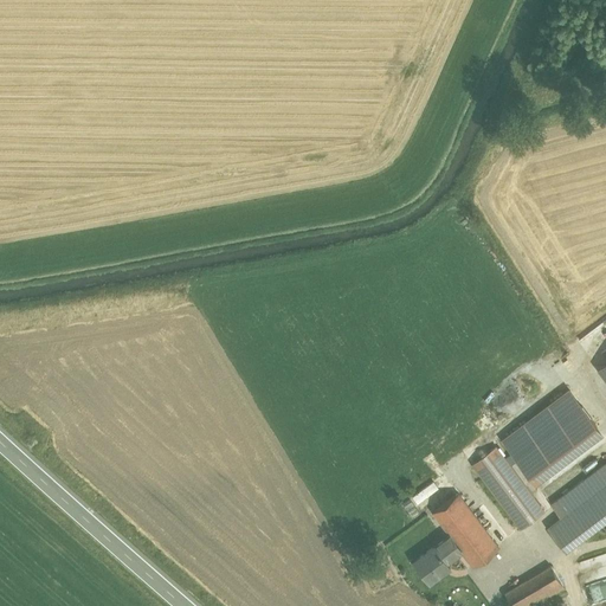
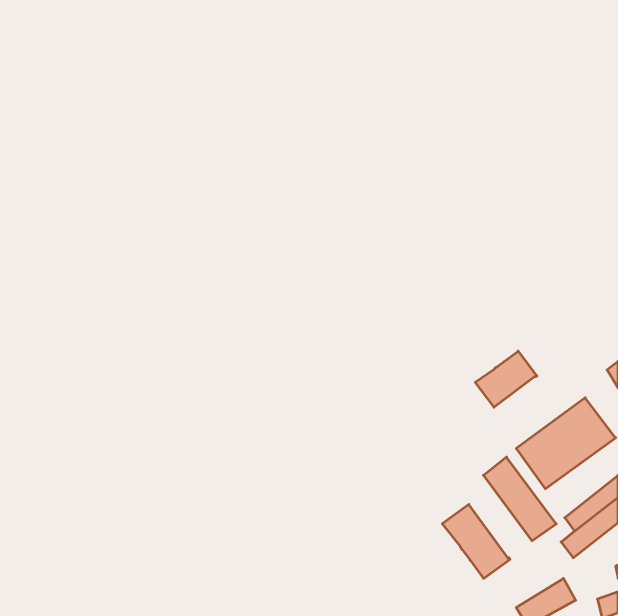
building: none -> [475,351,537,407]
building: [413,537,459,585] -> none

